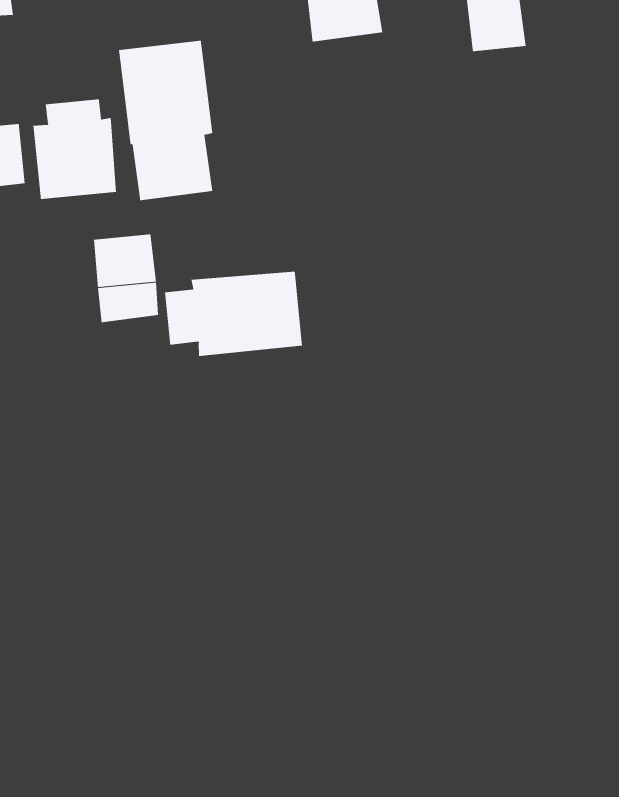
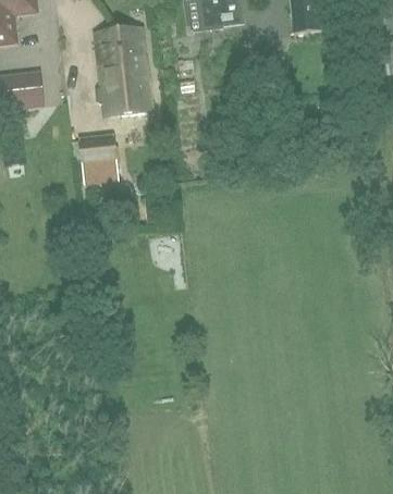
building: [33,98,117,200] -> none
building: [164,271,303,357] -> none

